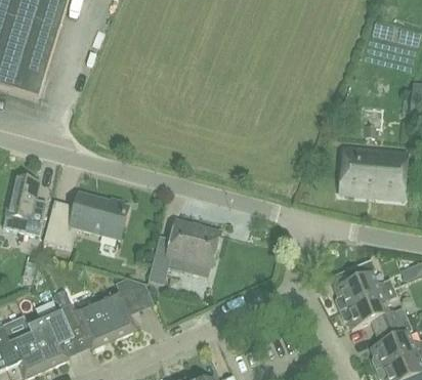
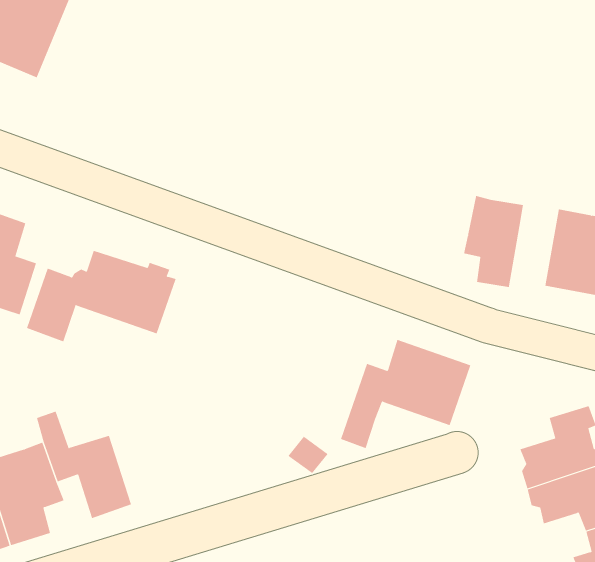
building: none -> [463,195,523,288]
building: [147,219,219,284] -> [340,339,471,449]
building: [96,278,136,338] -> none

